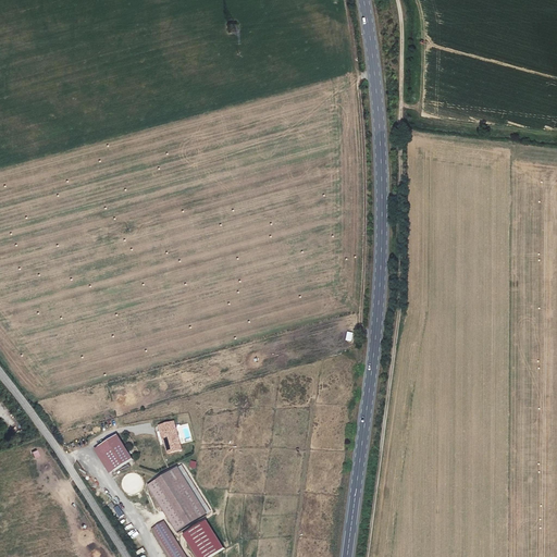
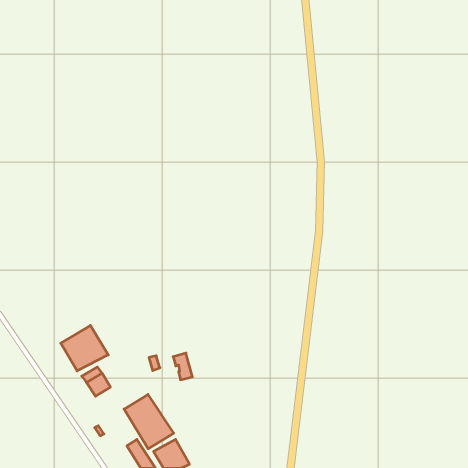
building: none -> [61,325,108,371]
building: [157,420,180,451] -> [173,353,192,380]

